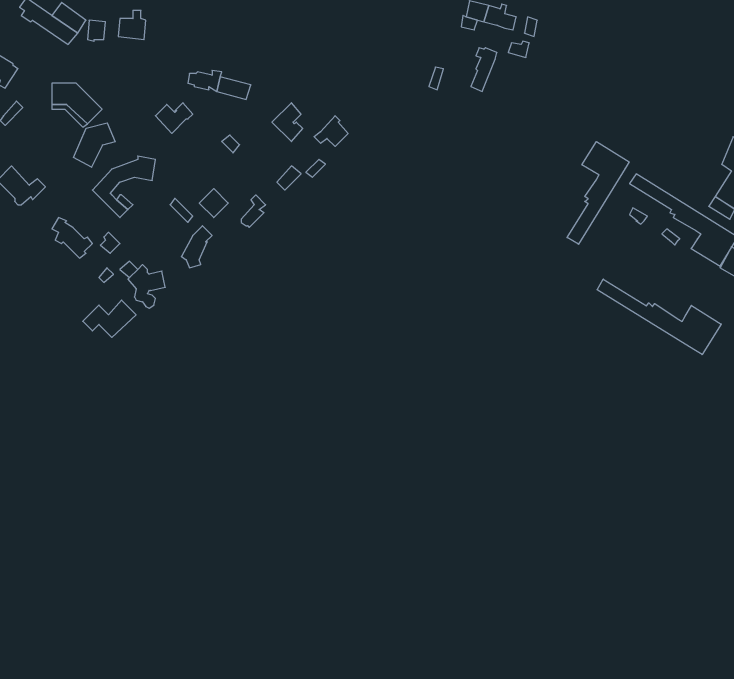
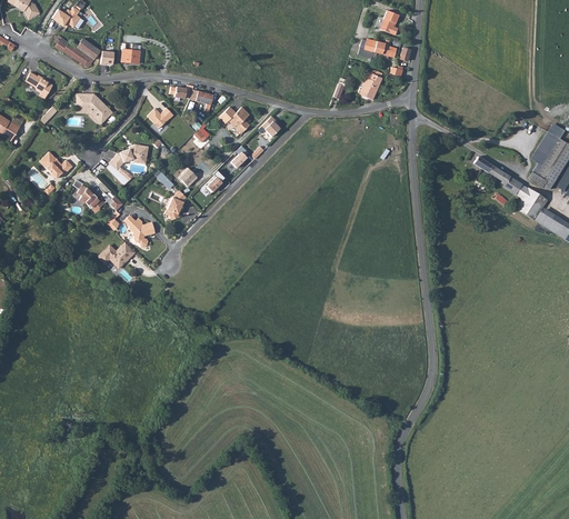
building: [74,123,115,167] -> none
building: [567,142,629,244] -> none
building: [597,279,721,355] -> none

